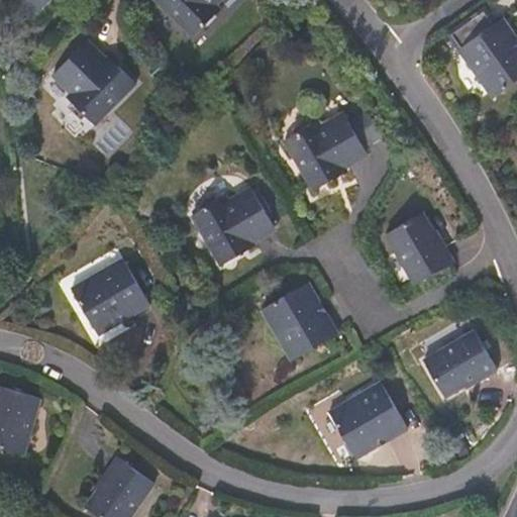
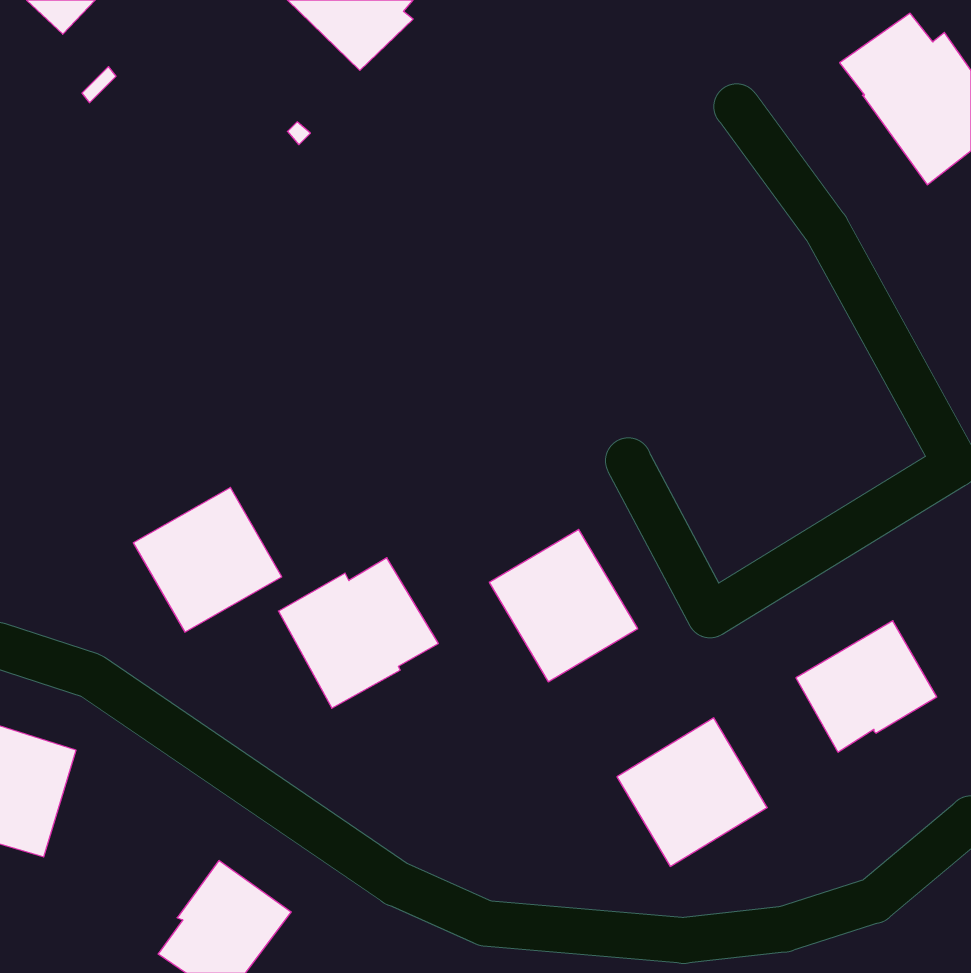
building: [51,42,136,126] -> none
building: [282,111,381,190] -> none
building: [191,186,276,266] -> [278,558,438,708]
building: [384,211,454,286] -> none

